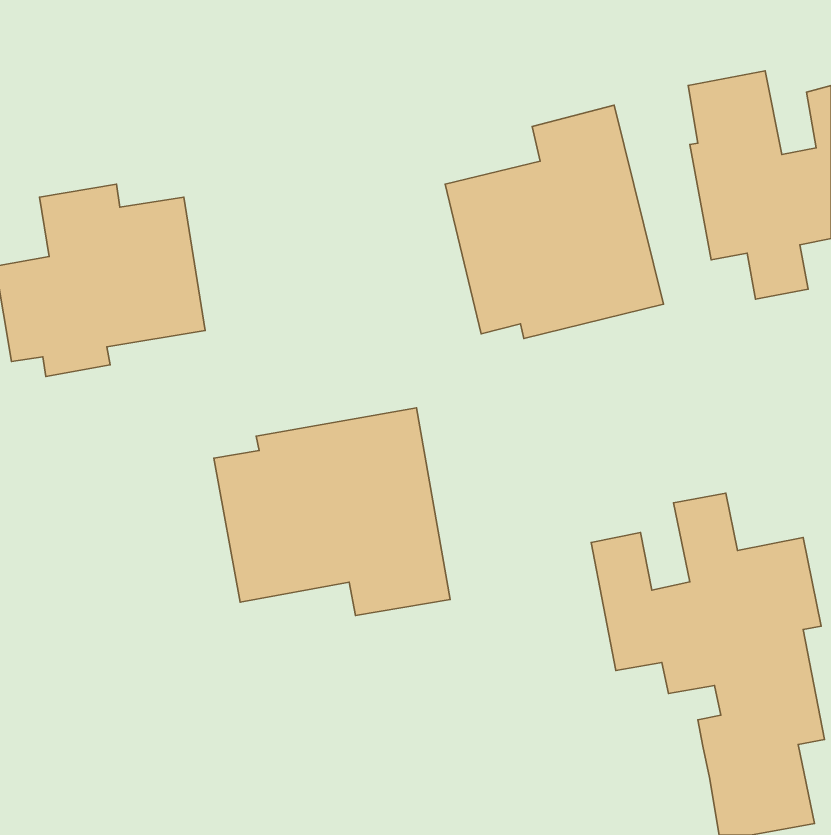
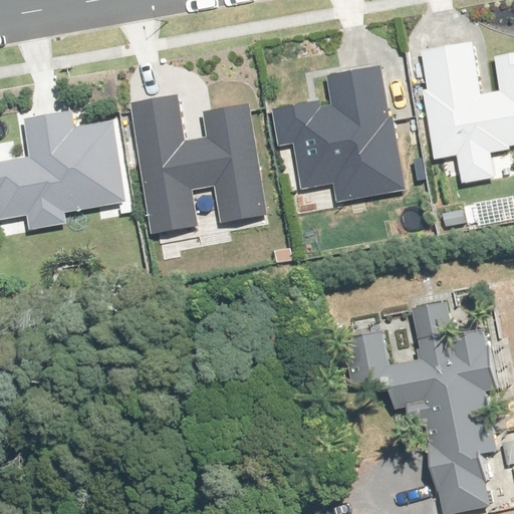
building: none -> [128,96,266,234]
building: [214,408,450,615] -> none

